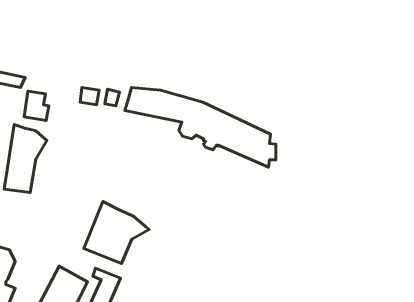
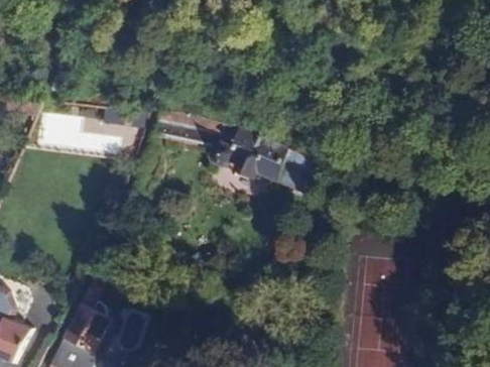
building: [4,125,47,192] -> none
building: [84,202,149,263] -> none

